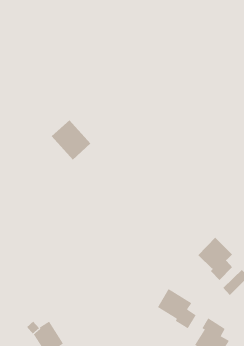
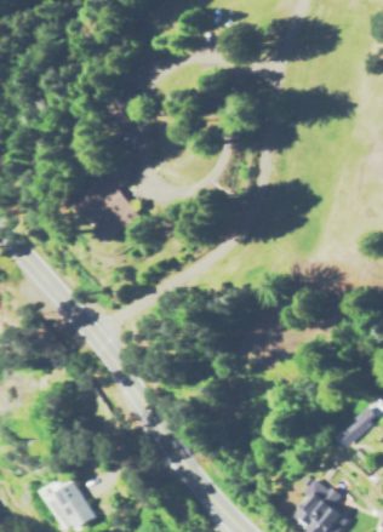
building: [198,237,233,281] -> none
building: [157,288,196,329] -> none

